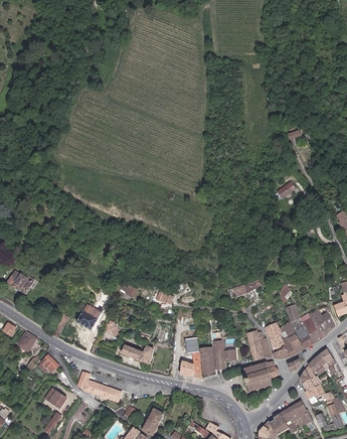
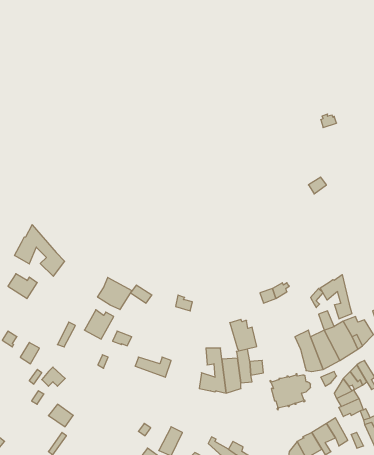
building: none -> [15,225,65,276]
building: none -> [320,275,352,319]
building: none -> [98,277,132,310]
building: [246,330,271,358] -> [230,319,257,351]
building: [77,371,122,401] -> none

